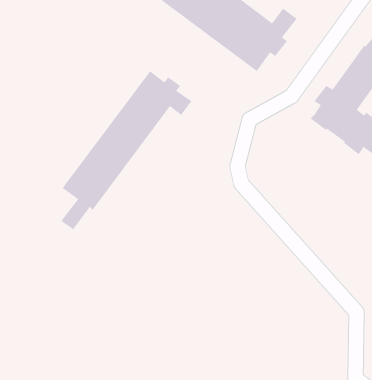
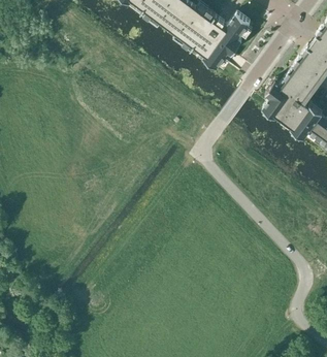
building: [61,70,192,230] -> none

